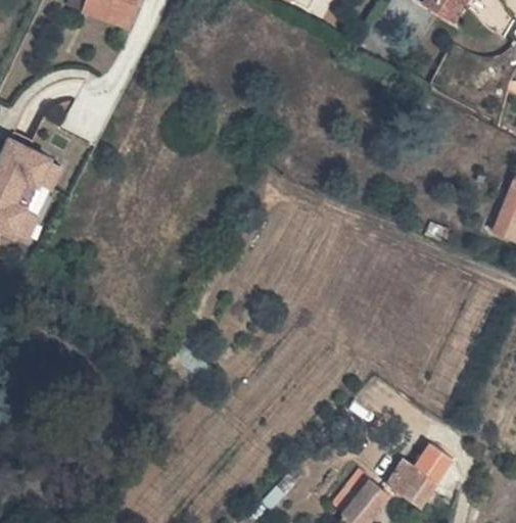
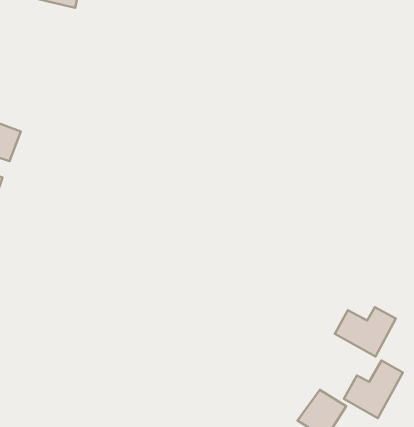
building: none -> [335,307,396,357]

